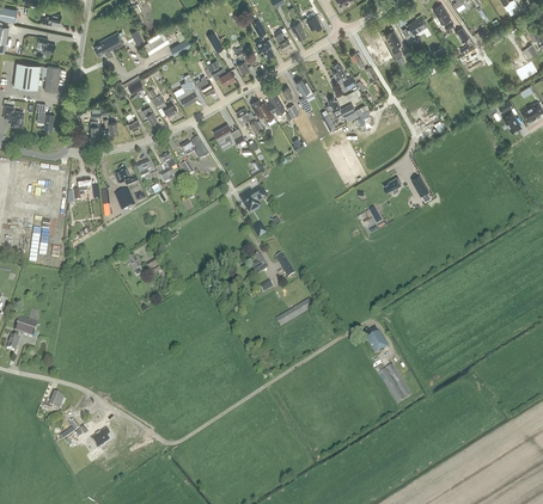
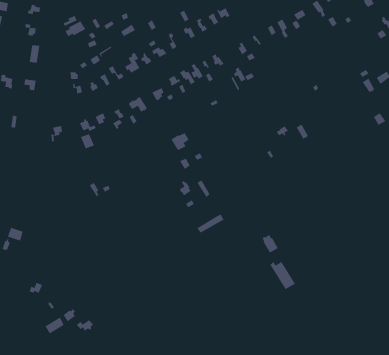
building: [13,63,41,90] -> none

